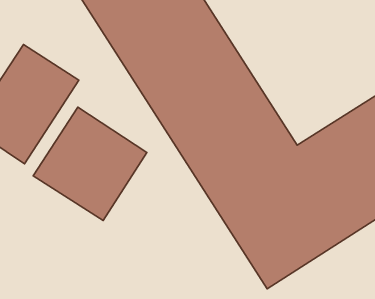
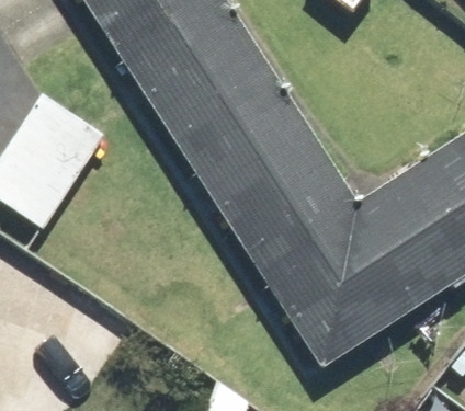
building: [33,107,147,221] -> none

